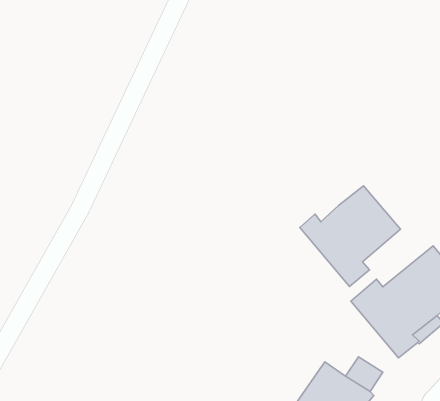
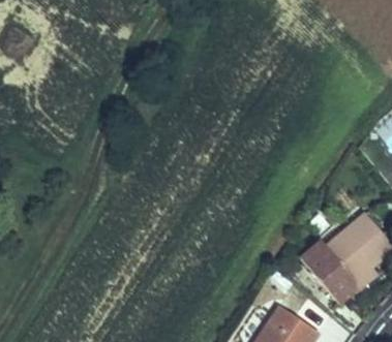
building: [300,186,400,286] -> none

